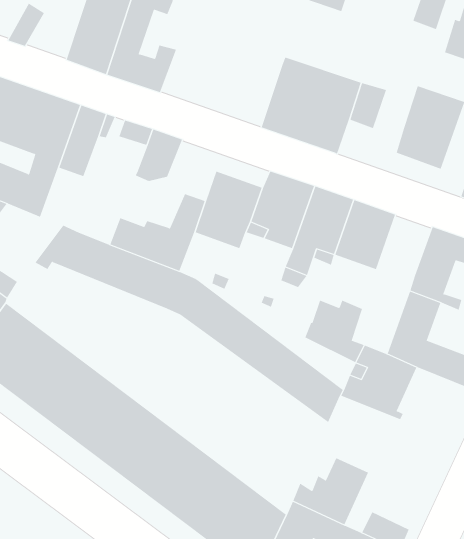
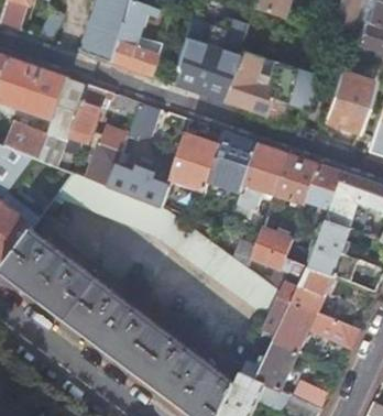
building: none -> [172,37,237,101]
building: none -> [88,127,130,187]
building: none -> [306,165,347,210]
building: none -> [262,298,360,354]

